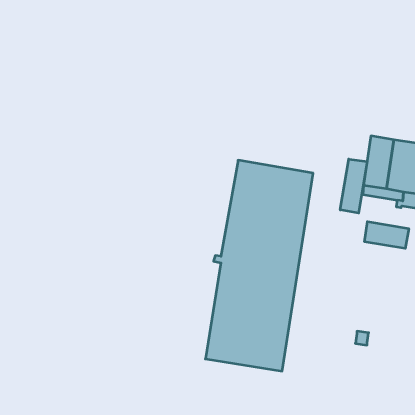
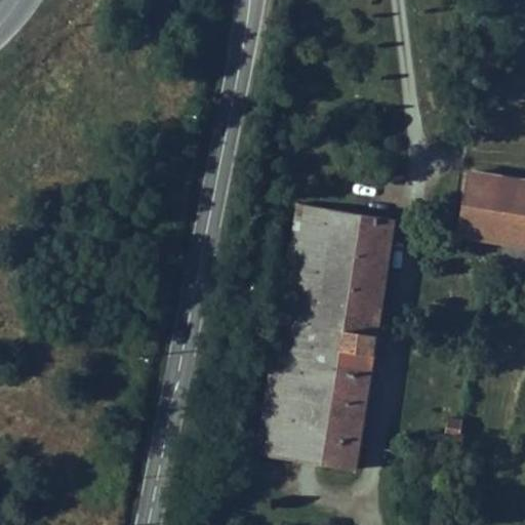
building: [340,159,367,213] -> none
building: [365,222,409,248] -> none

